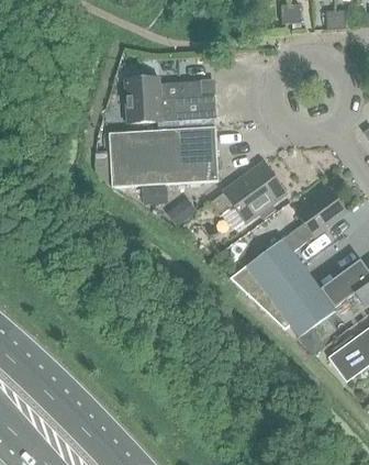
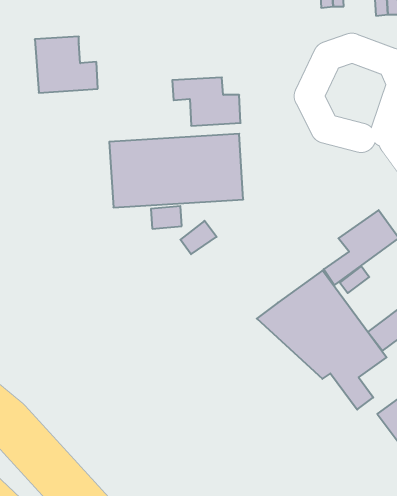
building: [124,76,176,122] -> [35,37,98,93]
building: [211,163,284,219] -> none

